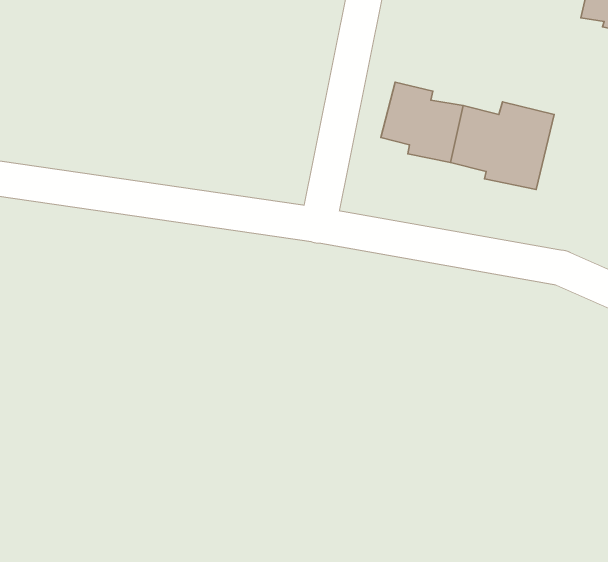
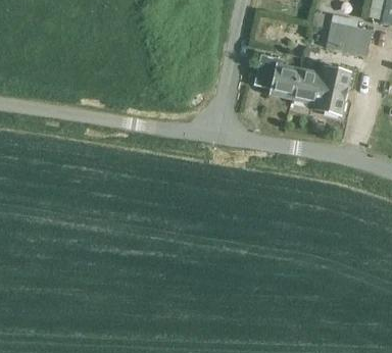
building: none -> [327,14,374,58]

